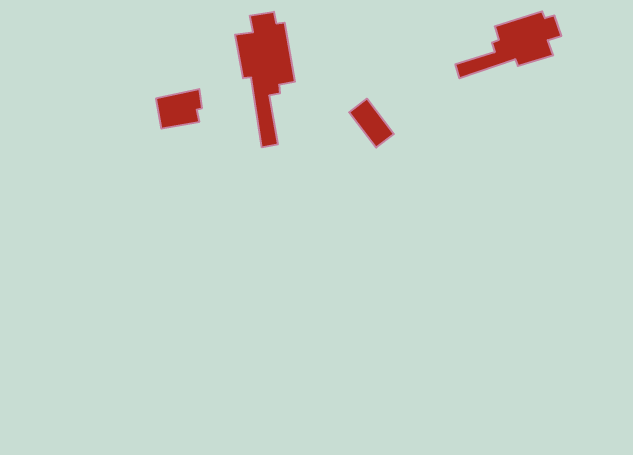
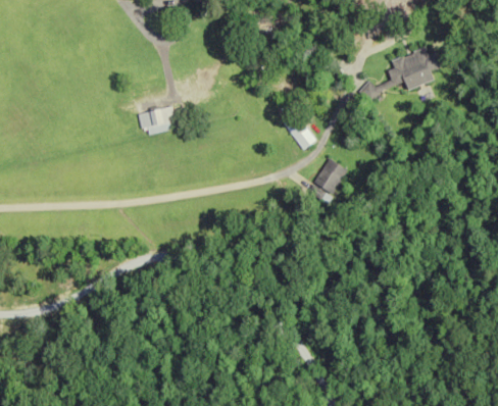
building: [235,12,295,147] -> none
building: none -> [309,158,348,203]

